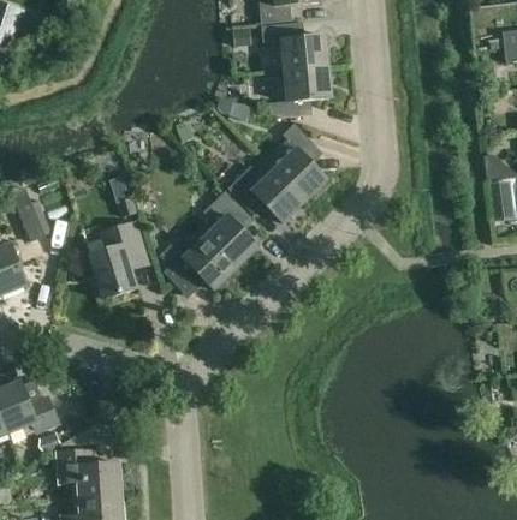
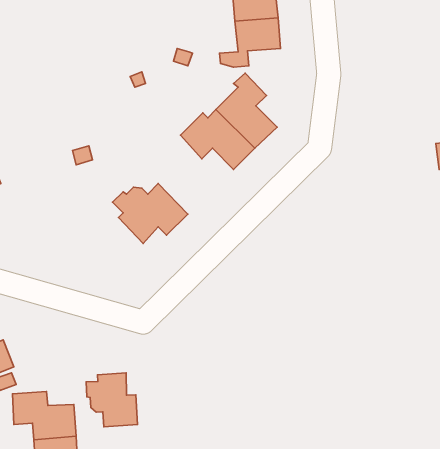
building: [204,190,258,267] -> none
building: [89,221,147,298] -> none
building: none -> [86,373,137,427]

